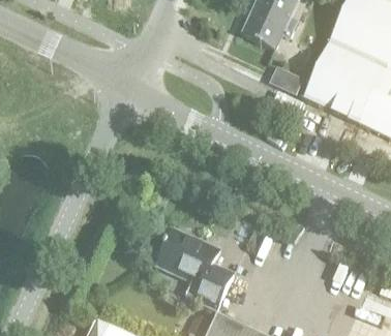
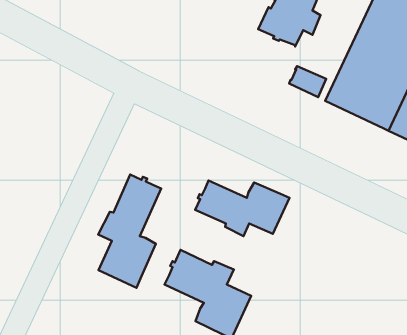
building: none -> [98,174,161,288]
building: none -> [195,180,290,236]

